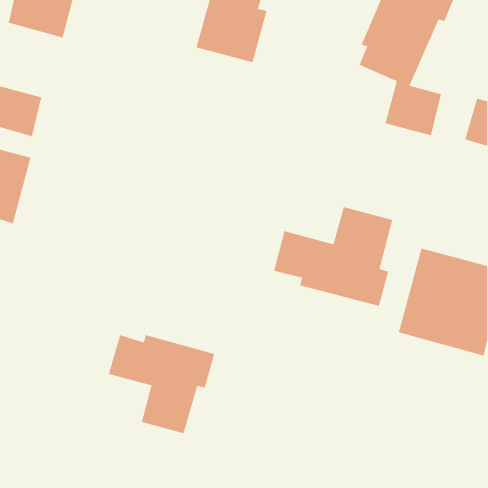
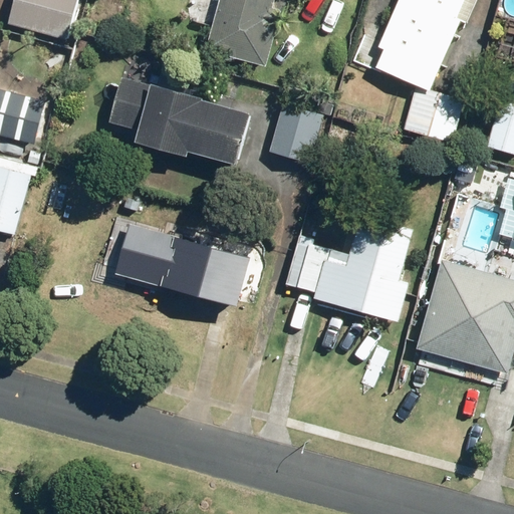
building: none -> [108,77,251,167]
building: none -> [270,103,323,163]
building: none -> [114,224,251,308]
building: [108,334,215,434] -> none

